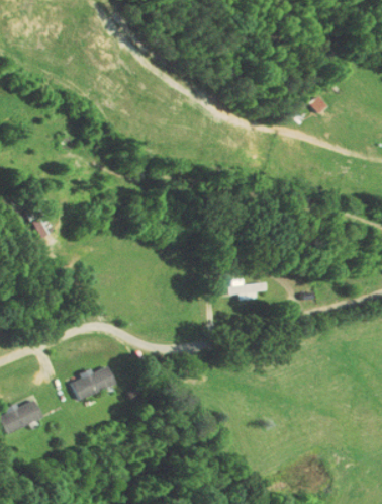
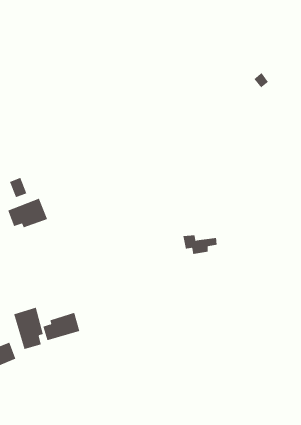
building: none -> [8,198,48,228]
building: none -> [13,307,44,350]

